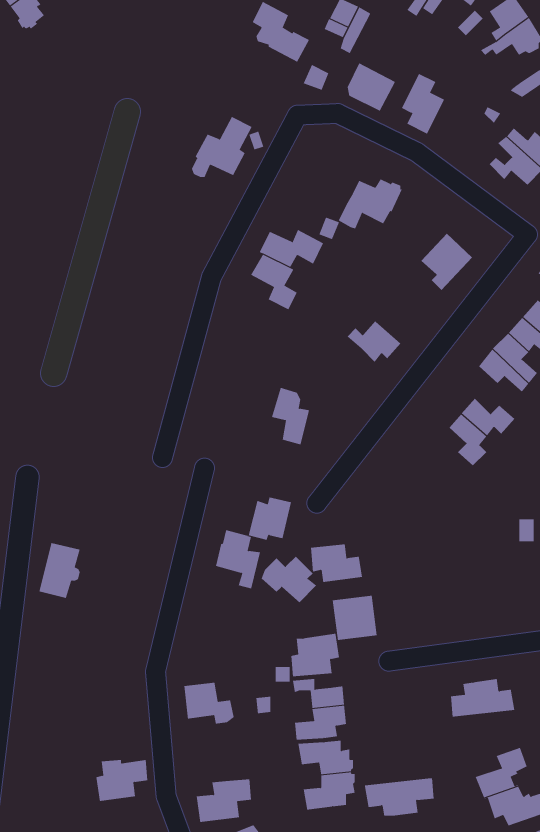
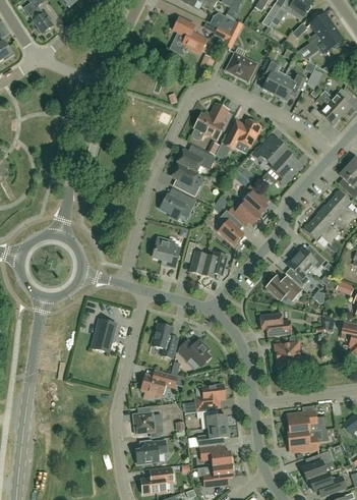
building: none -> [275,71,306,100]
building: [191,116,253,178] -> [192,103,228,138]
building: none -> [254,134,288,167]
building: none -> [243,183,269,215]
building: none -> [160,190,196,219]
building: none -> [218,209,243,243]
building: none -> [153,236,180,267]
building: none -> [266,275,301,298]
building: [248,497,292,541] -> [201,252,227,277]
building: [39,542,81,599] -> [92,319,116,351]
building: [310,544,363,583] -> [260,313,291,335]
building: [332,595,378,641] -> [275,341,301,368]
building: none -> [141,370,176,394]
building: [96,760,148,802] -> [135,439,166,463]
building: [364,778,434,816] -> [287,428,328,450]

